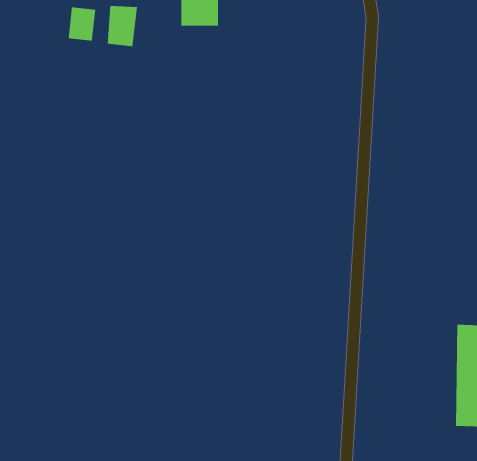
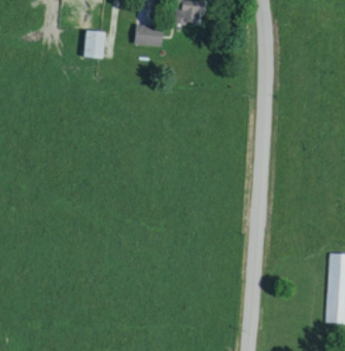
building: [68,7,96,42] -> none

